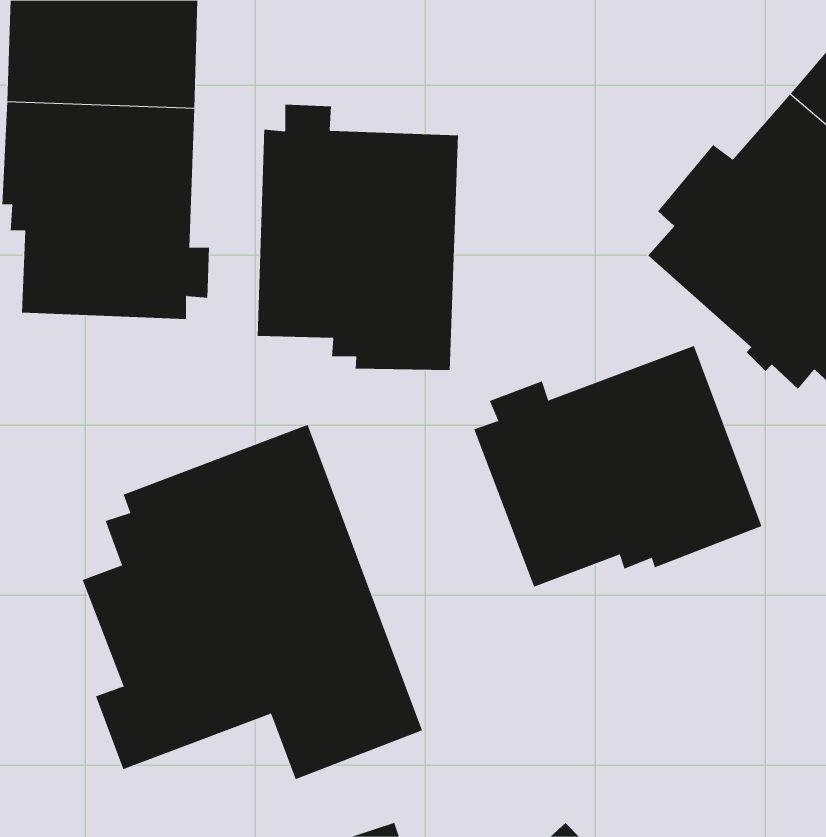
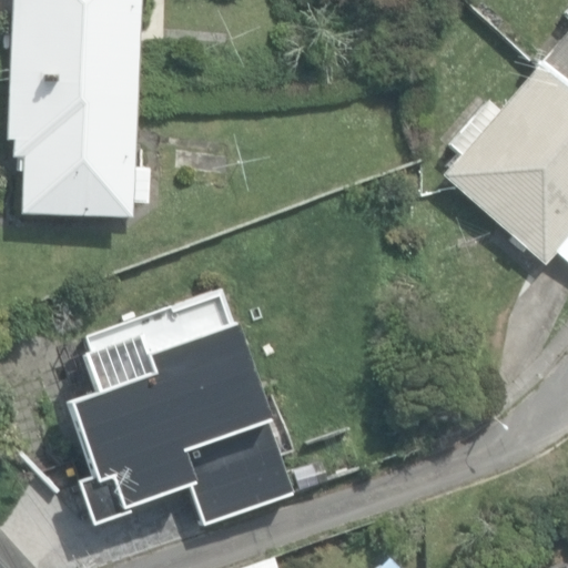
building: [257,104,458,371] -> none
building: [473,345,762,588] -> none

